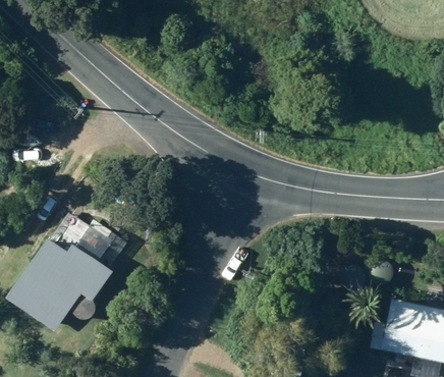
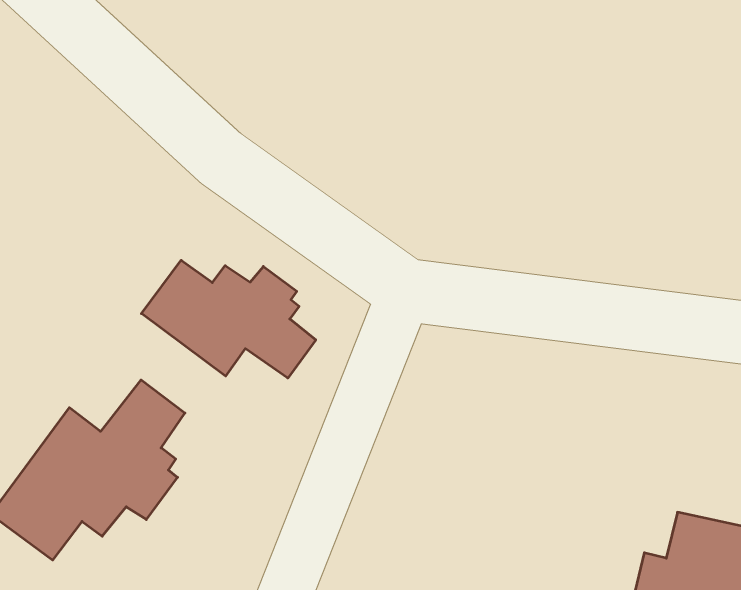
building: none -> [141,260,316,378]

